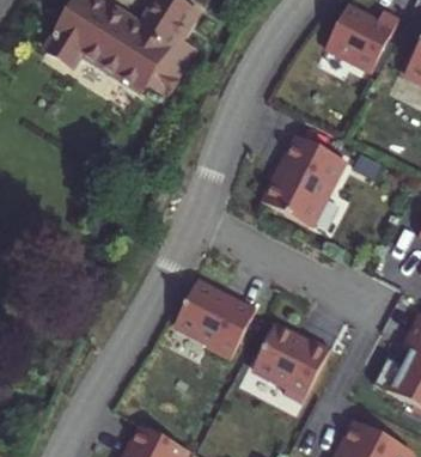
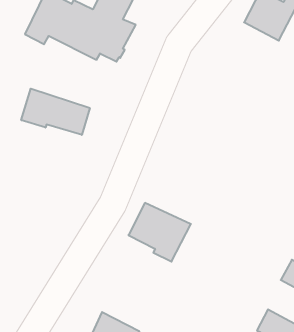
building: none -> [21,89,90,135]
building: [280,142,365,233] -> none
building: [254,323,332,401] -> none

